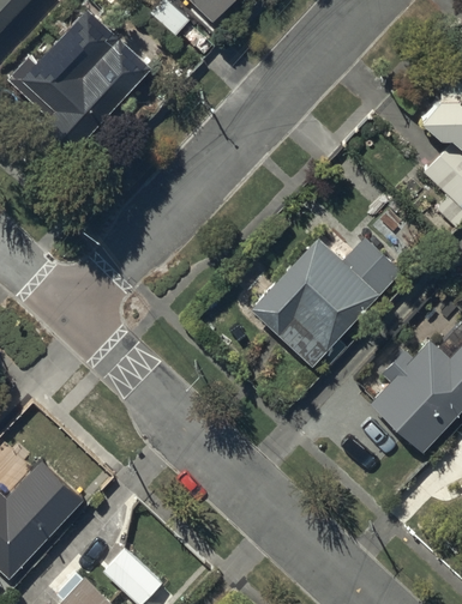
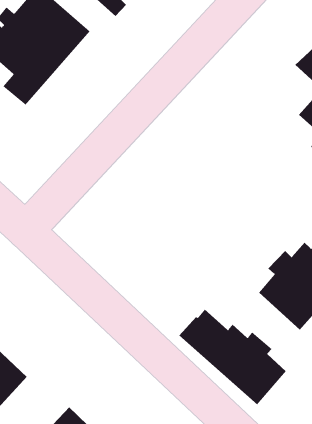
building: [252,235,404,368] -> none
building: none -> [179,309,287,405]

